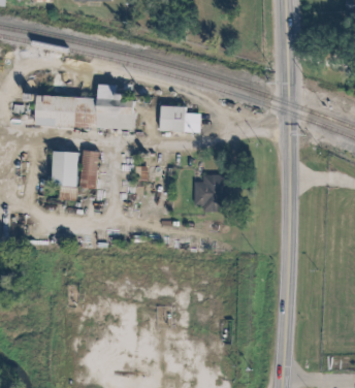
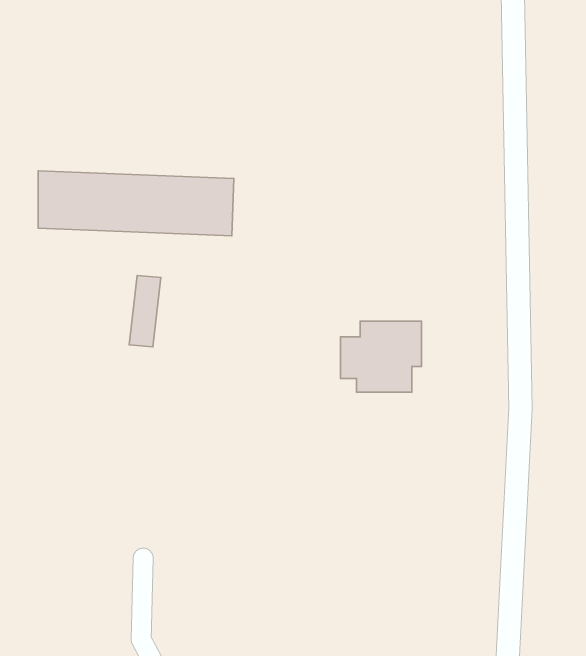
building: [158,105,197,131] -> none
building: [53,150,80,186] -> none

